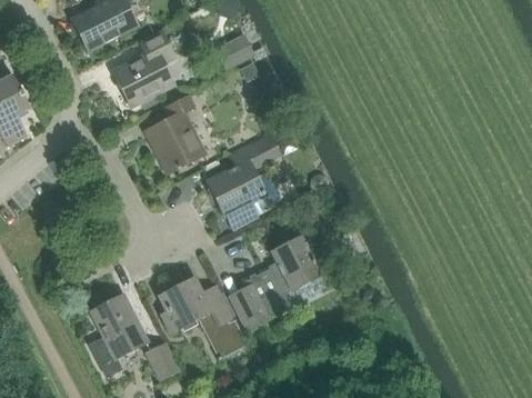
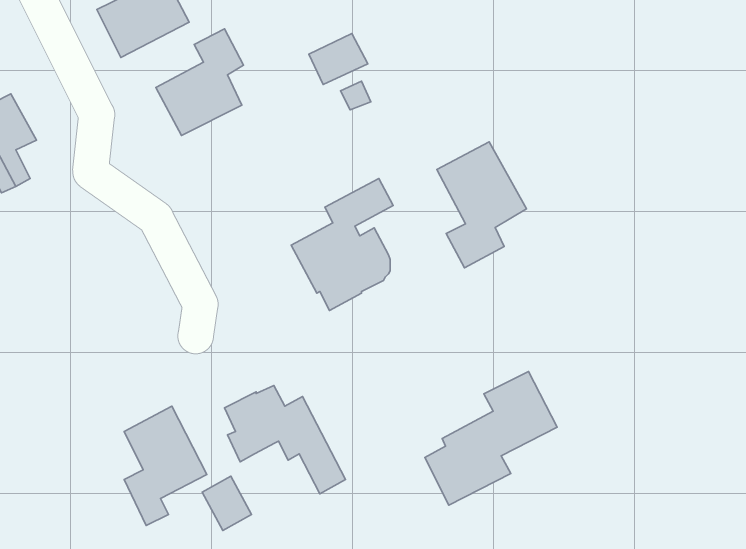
building: [149,96,203,173] -> none
building: none -> [437,142,526,268]
building: [229,236,321,329] -> [425,371,557,505]

